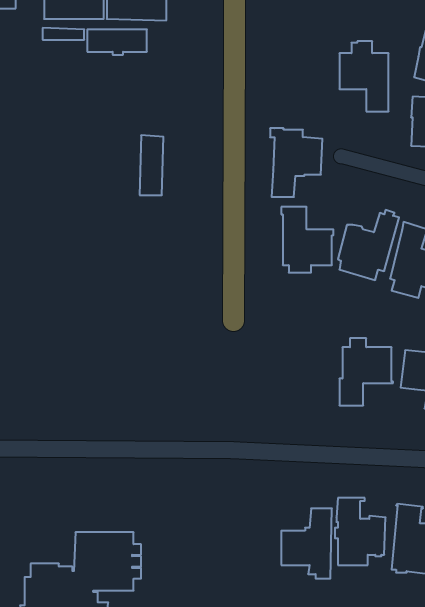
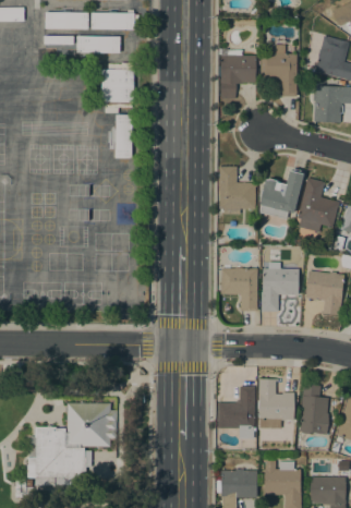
building: none -> [101,69,134,112]
building: [270,128,322,197] -> [218,48,256,98]
building: none -> [221,267,257,311]

